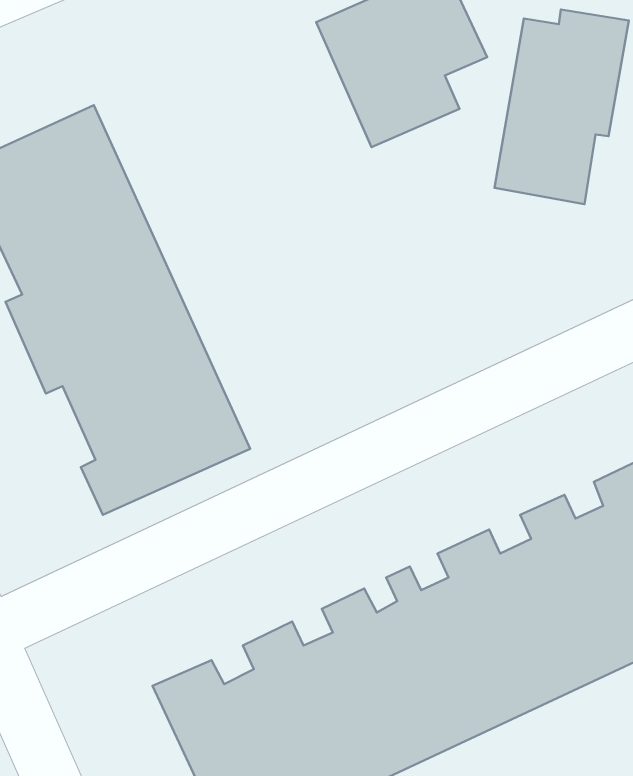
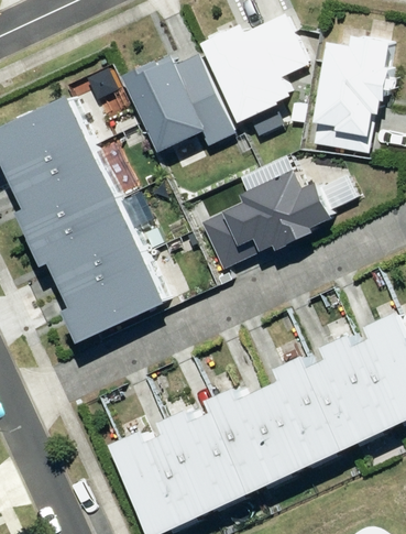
building: none -> [116,53,234,155]
building: none -> [197,170,329,271]

